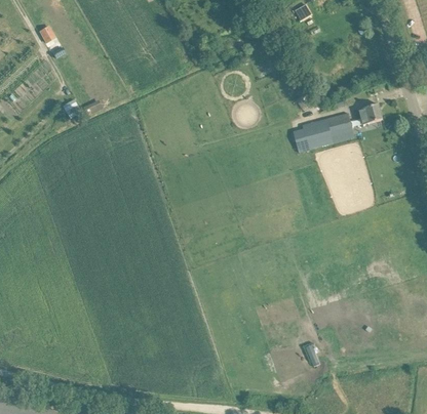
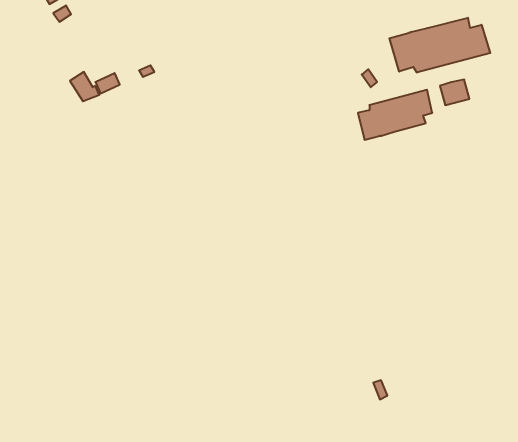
building: none -> [389,18,490,73]

